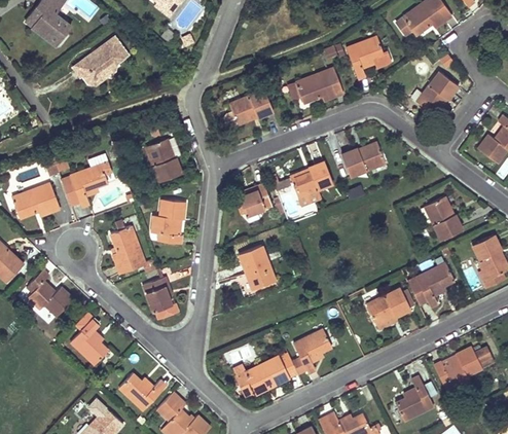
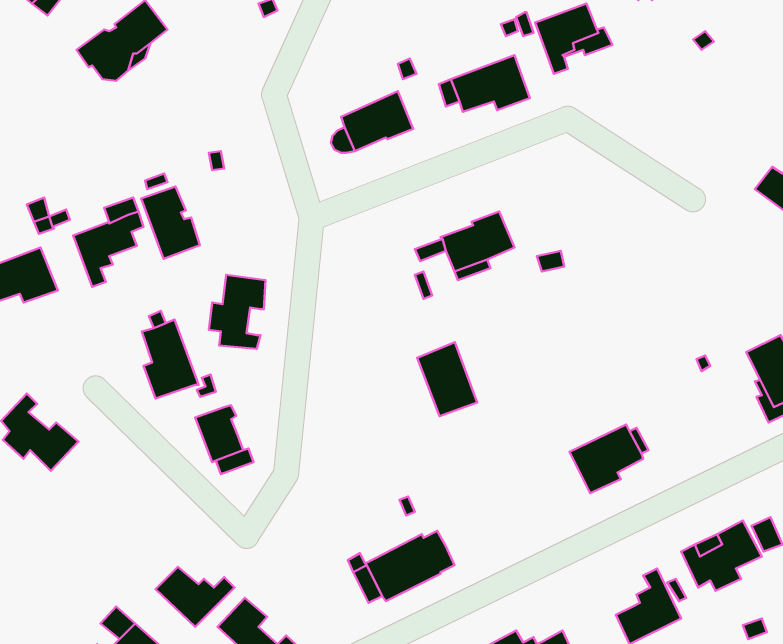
building: [418,72,459,115] -> none
building: [146,139,181,182] -> [141,187,200,259]
building: [342,142,386,177] -> none
building: [240,184,273,216] -> none
building: [426,196,463,240] -> none
building: [240,245,276,289] -> [417,342,477,416]
building: [408,263,455,308] -> none
building: [71,313,108,365] -> none
building: [293,330,332,374] -> none

